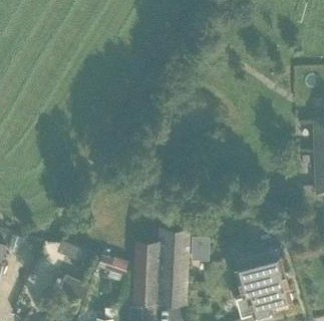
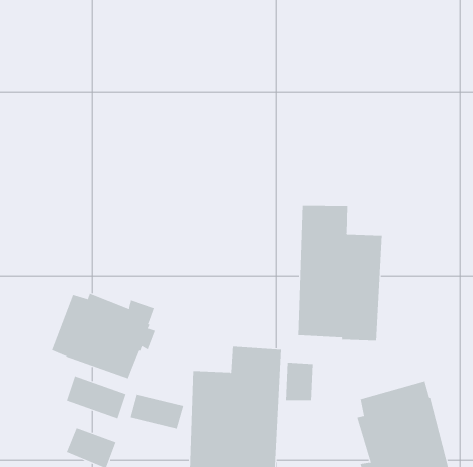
building: none -> [298,205,382,341]
building: none -> [52,293,156,380]

